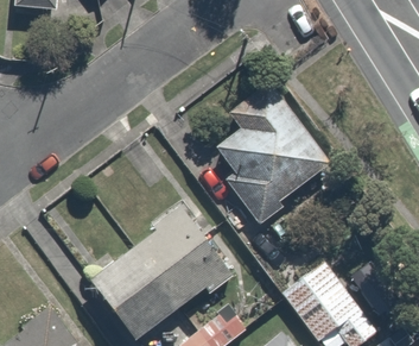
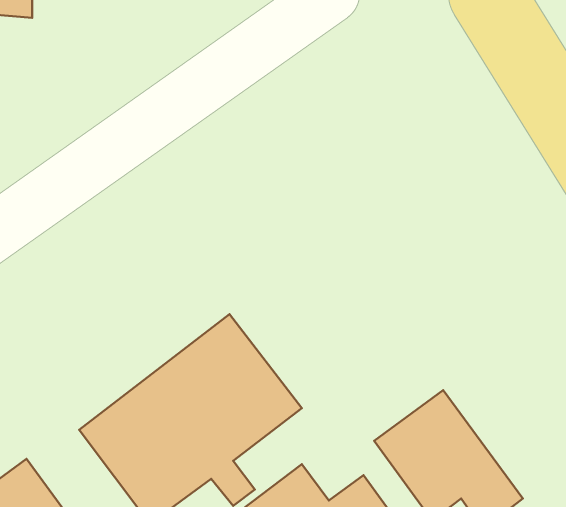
building: [214,80,329,229] -> none

